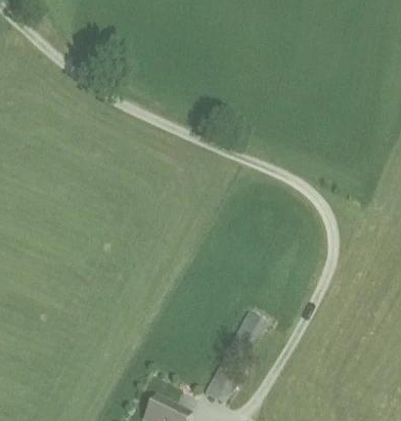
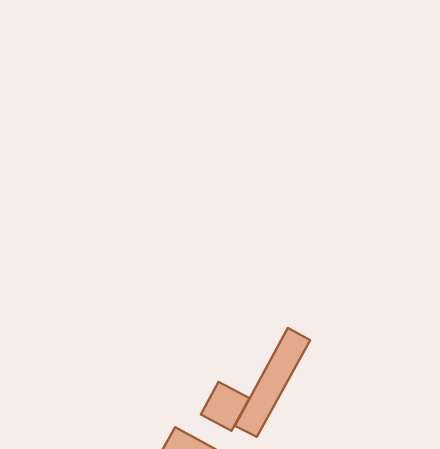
building: none -> [201,382,249,431]

